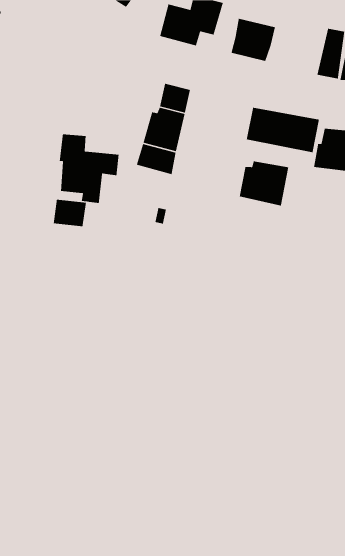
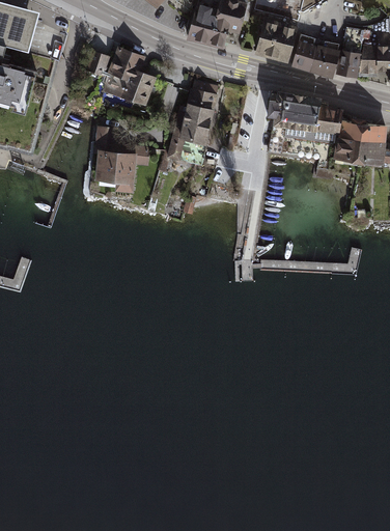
building: none -> [292,34,339,71]
building: none -> [101,46,157,107]
building: [239,160,289,206] -> none
building: [53,199,87,227] -> none

